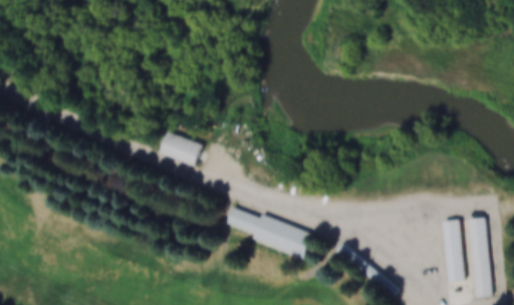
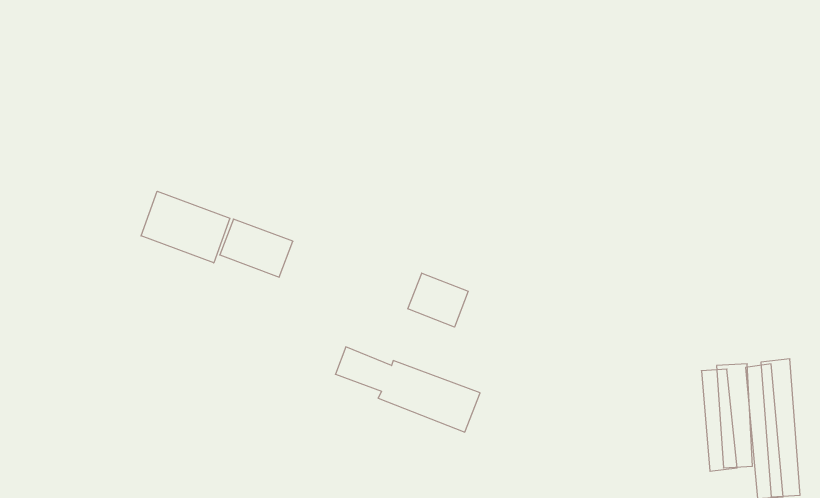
building: none -> [141,191,230,263]
building: none -> [408,273,468,327]

